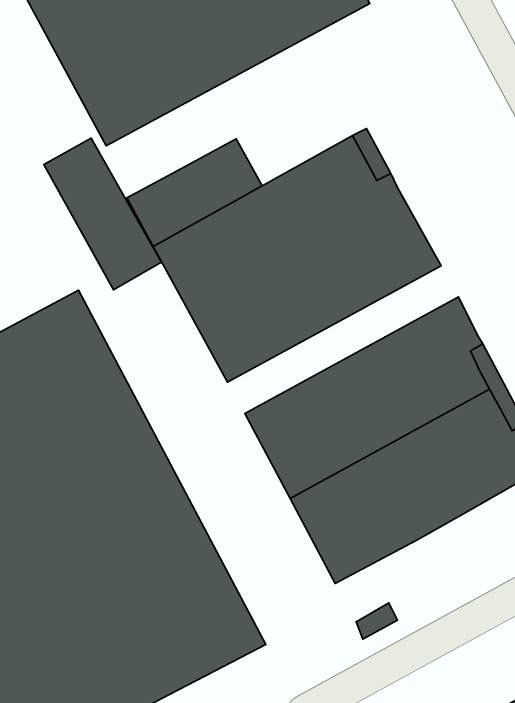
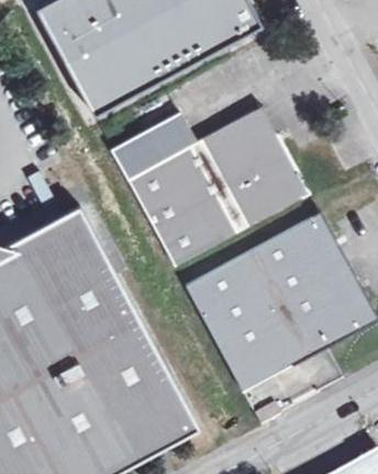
building: [44,138,162,290] -> none

